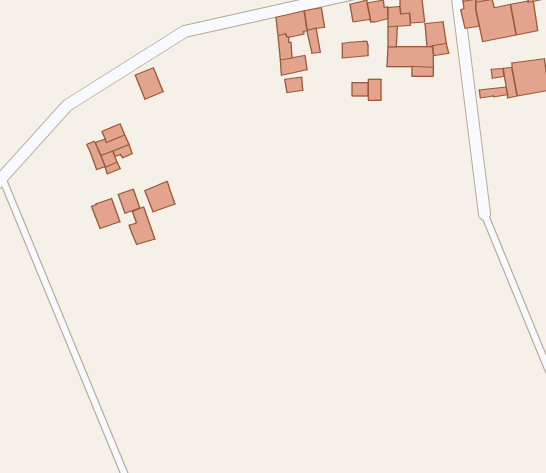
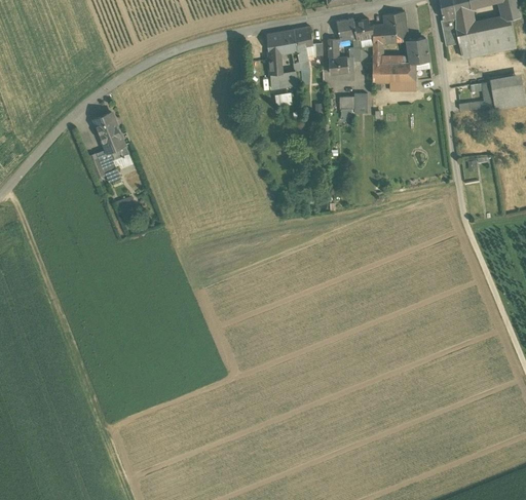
building: [135,68,163,99] -> [93,113,120,143]
building: [145,181,175,212] -> none
building: [91,198,120,229] -> none
building: [129,207,155,245] -> none

